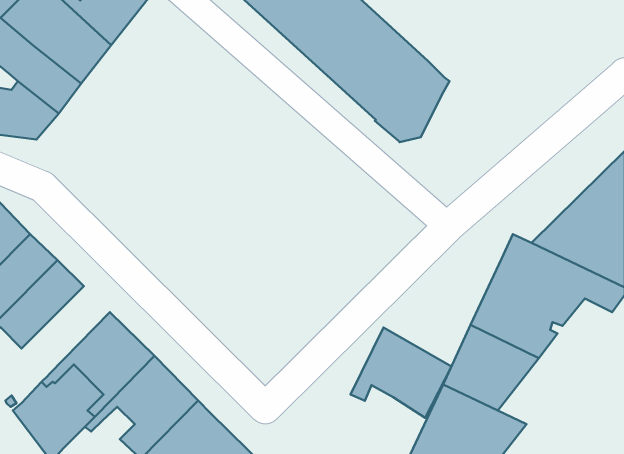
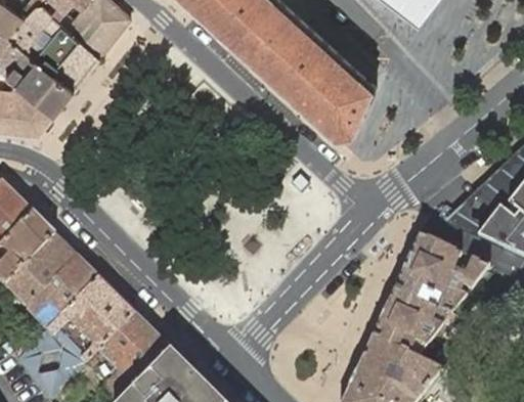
building: none -> [24,258,96,330]
building: [351,327,451,418] -> none

